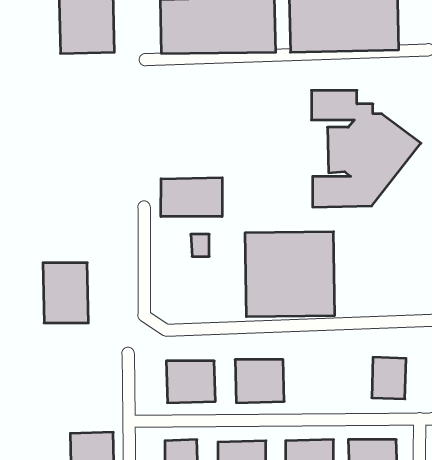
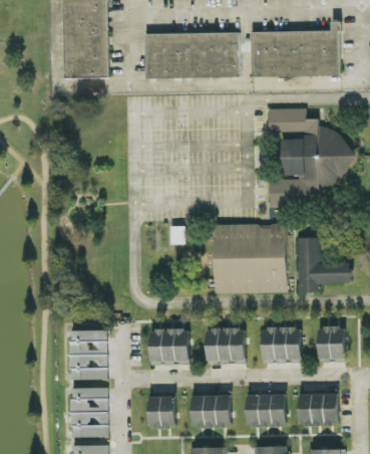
building: [161,178,222,217] -> none
building: none -> [296,237,350,292]
building: [43,263,88,323] -> [69,330,106,380]
building: none -> [261,327,301,363]

